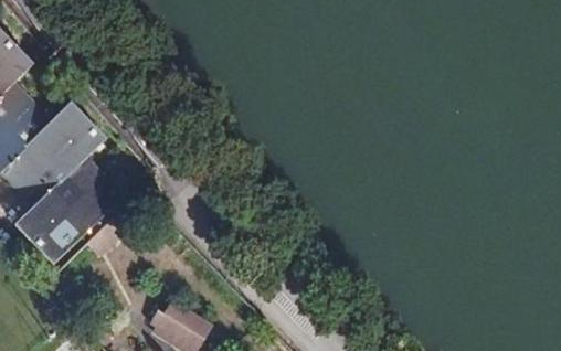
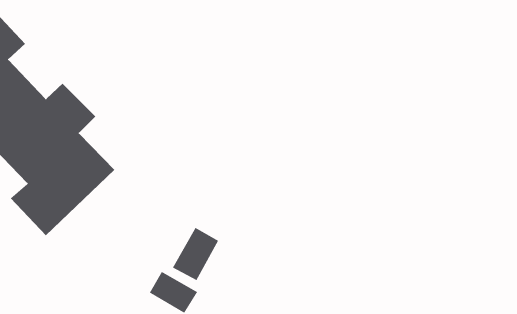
building: none -> [172,227,219,281]

